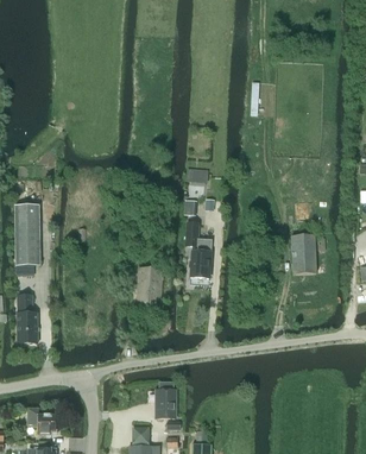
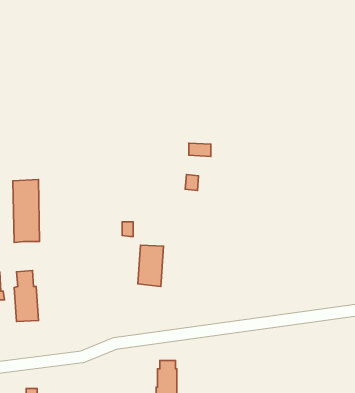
building: [185,222,212,278] -> none
building: [291,235,316,275] -> none

